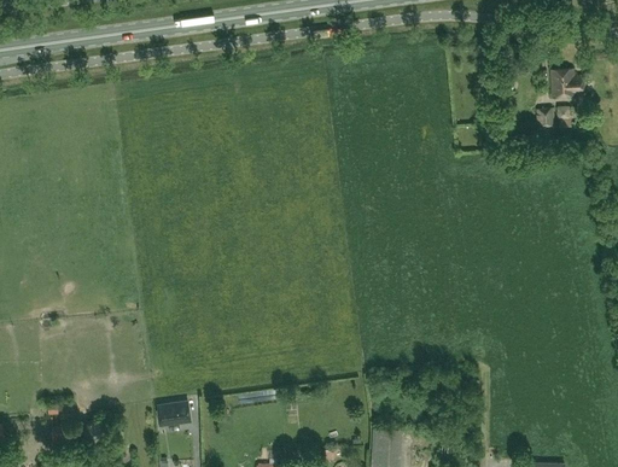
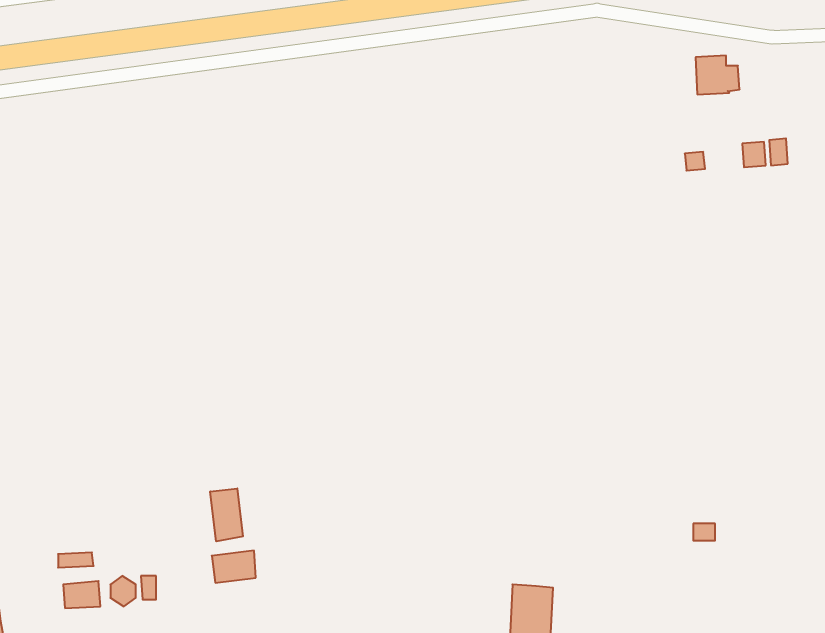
building: [550,70,582,98] -> [696,56,740,94]
building: none -> [210,488,243,541]

